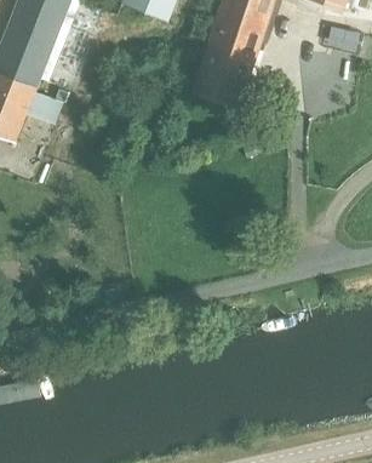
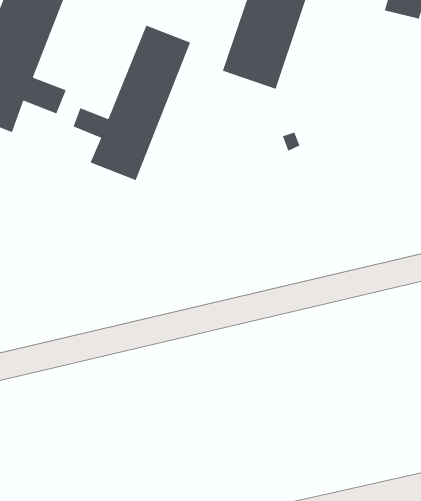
building: none -> [72,24,191,181]

